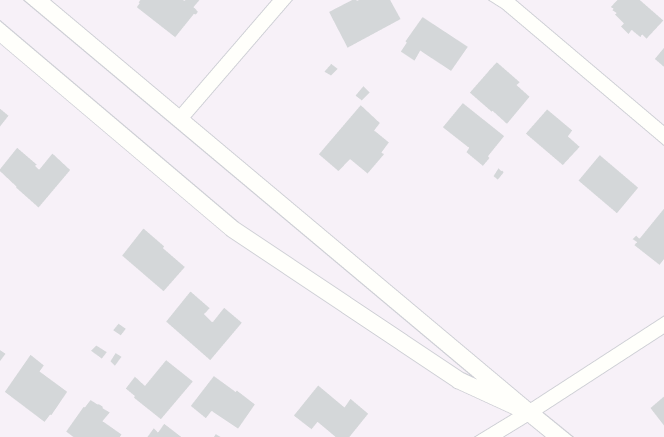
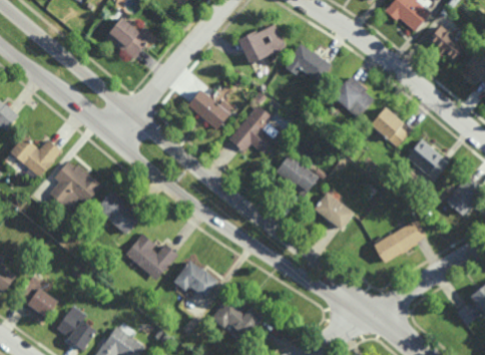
building: none -> [187,90,232,130]
building: [442,102,505,167] -> [276,152,319,197]
building: none -> [50,160,101,209]
building: none -> [314,192,355,230]
building: none -> [374,219,427,262]
building: [125,359,194,420] -> none
building: [190,375,256,429] -> [173,260,218,297]

